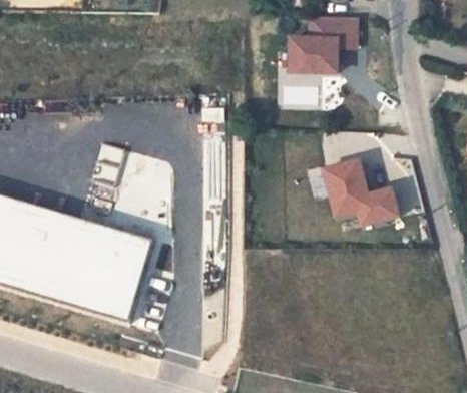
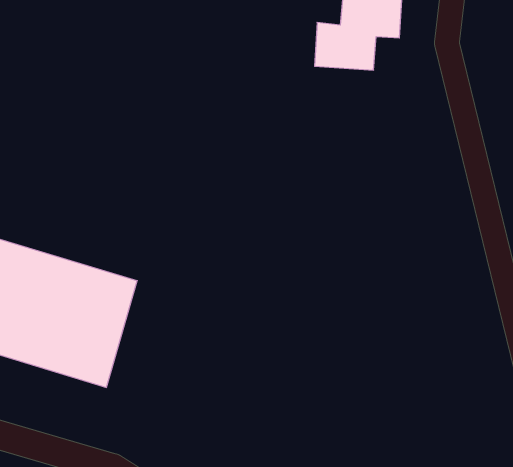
building: [325,162,397,229] -> none

